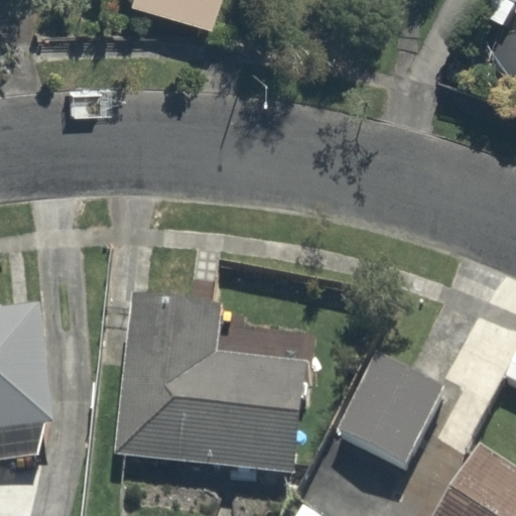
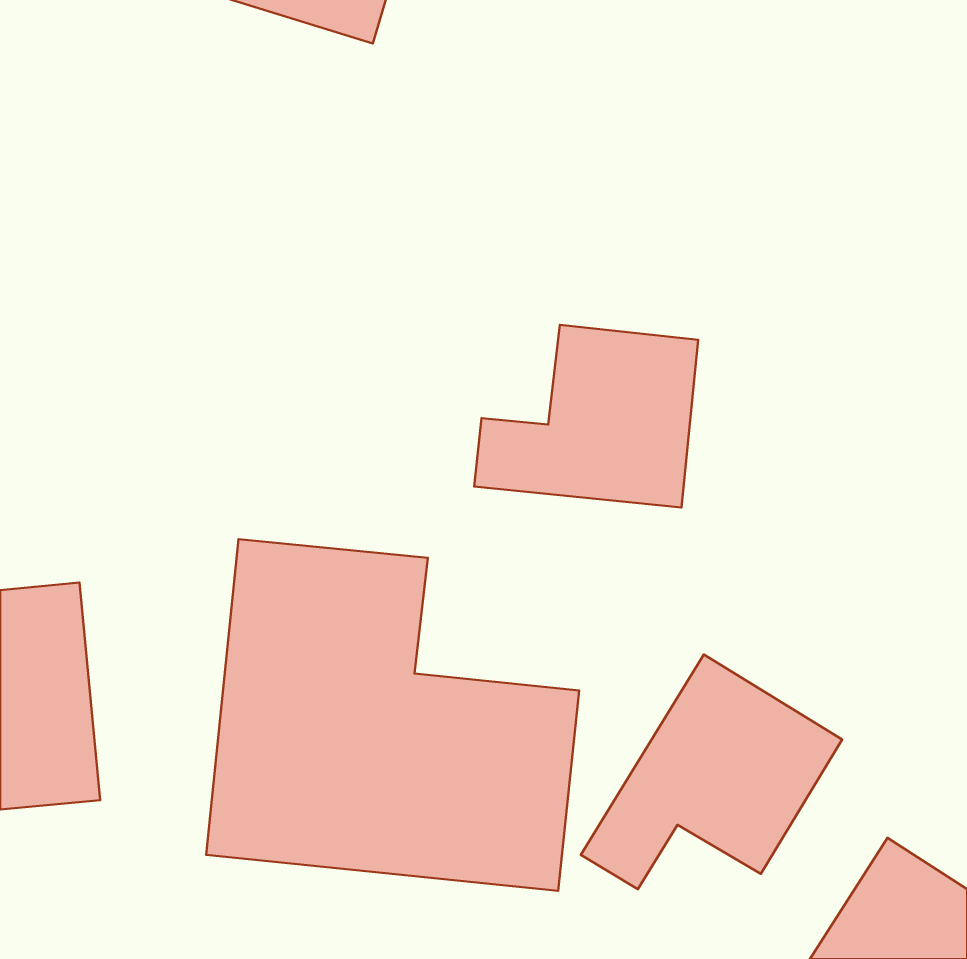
building: none -> [474,325,698,508]

